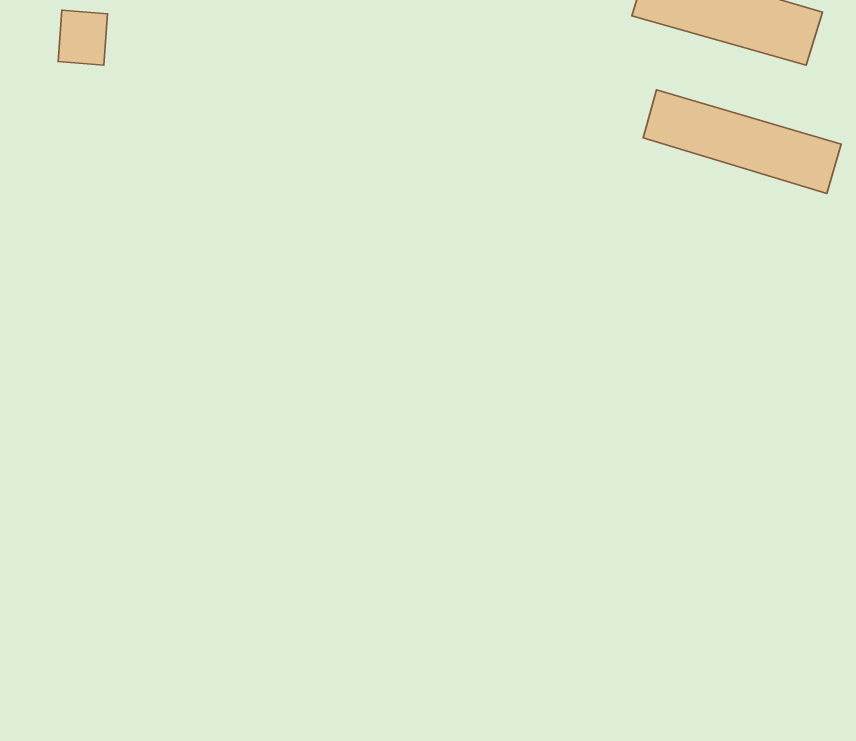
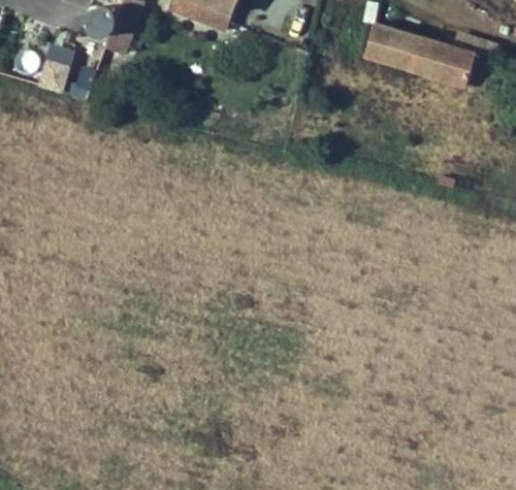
building: [643,90,841,194] -> none

